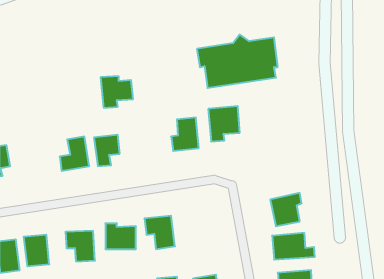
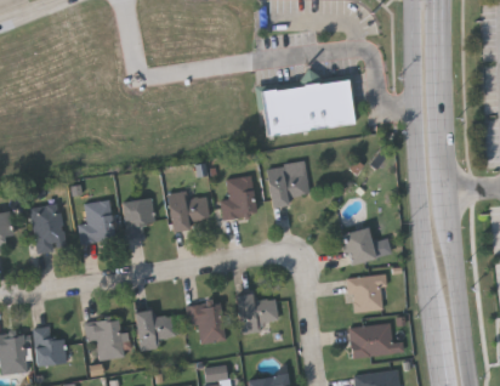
building: [101,76,133,108] -> [167,189,209,229]
building: none -> [34,205,63,250]
building: none -> [343,227,390,262]
building: none -> [233,293,278,333]

